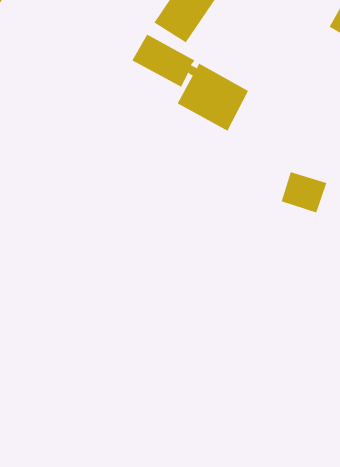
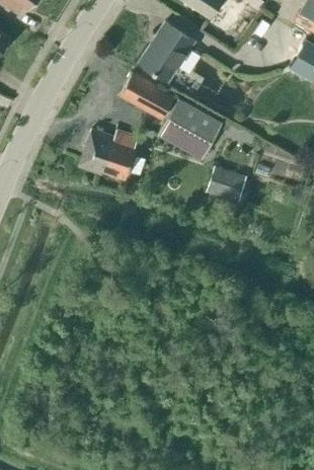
building: none -> [79,131,138,180]
building: [281,171,327,213] -> [208,167,248,204]

